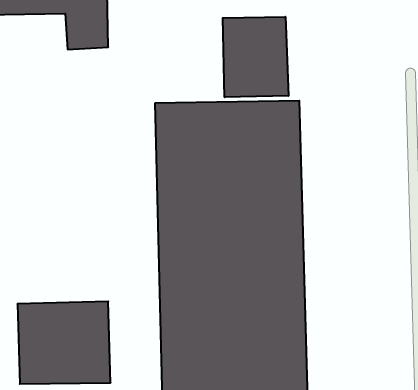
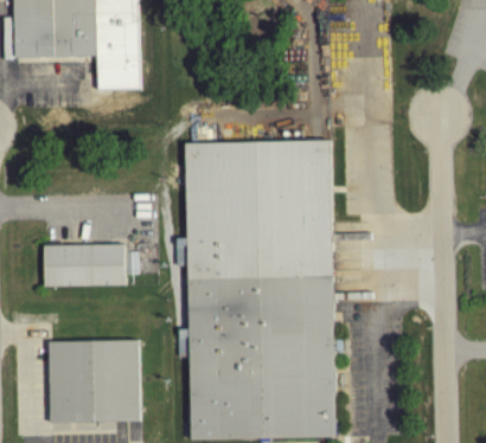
building: [223,17,288,97] -> none
building: none -> [44,243,126,285]

